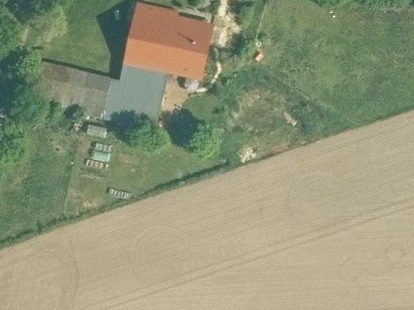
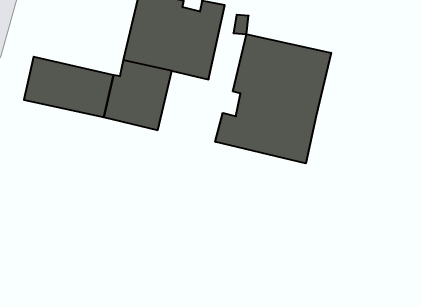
building: none -> [215,34,331,163]

